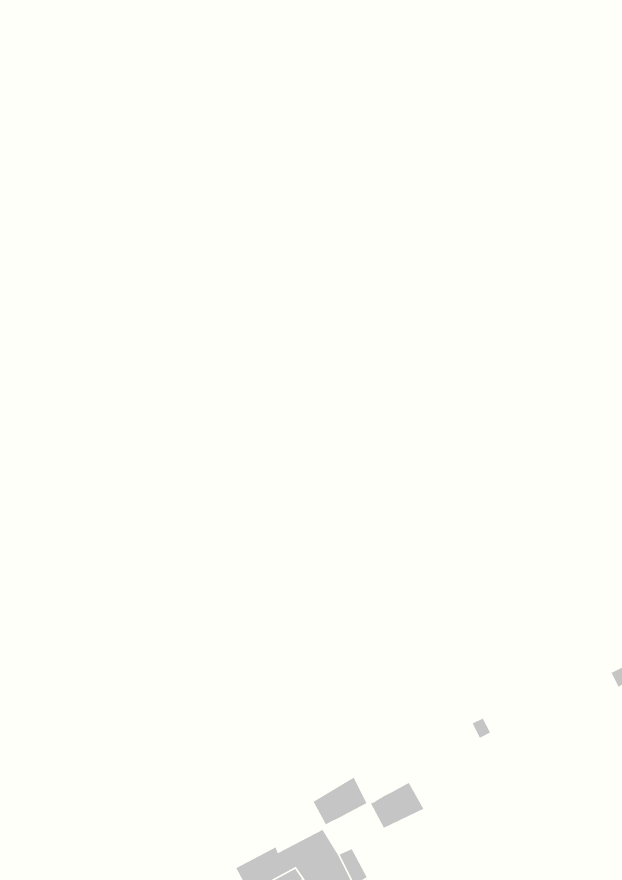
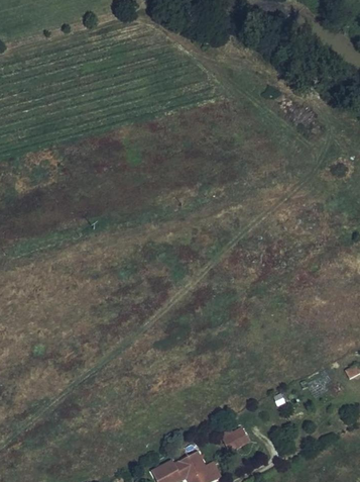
building: [313,777,368,826] -> none

